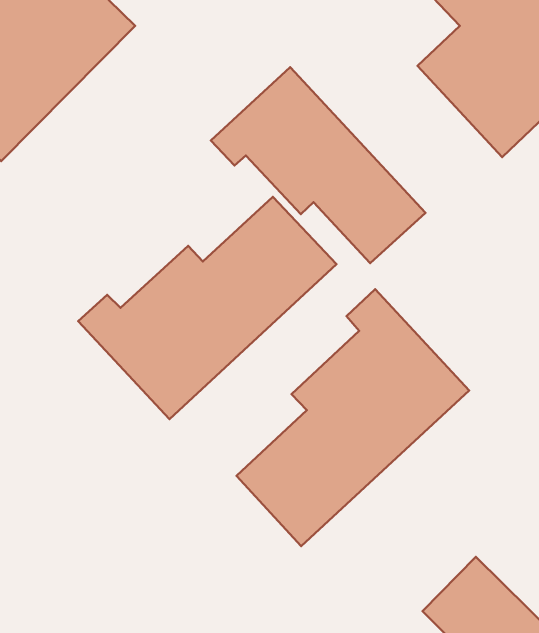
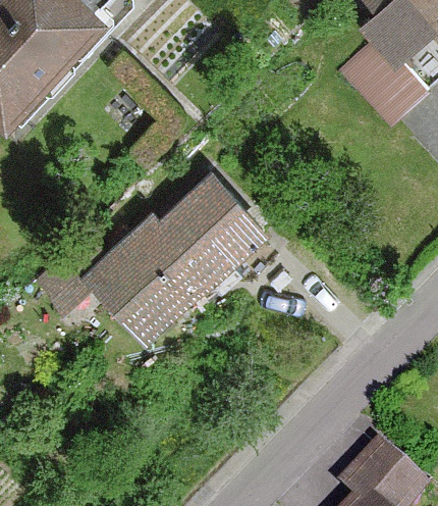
building: [211,67,425,263] -> none
building: [237,289,469,546] -> none

